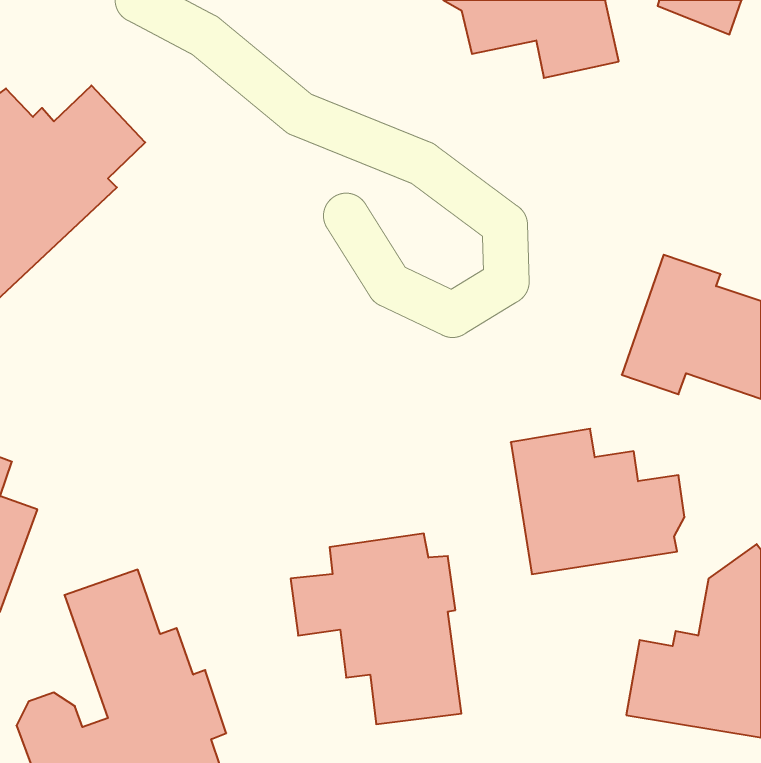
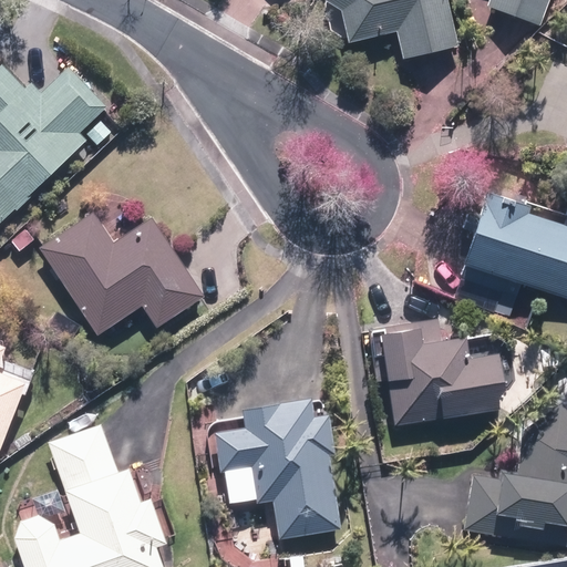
building: none -> [38,213,204,336]

